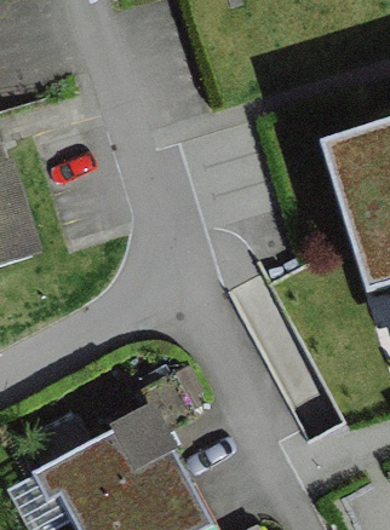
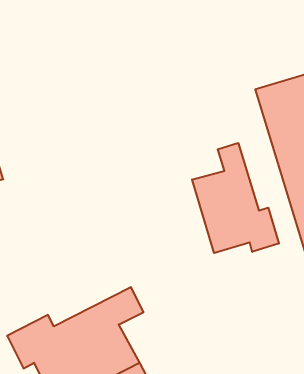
building: none -> [192,143,279,253]

